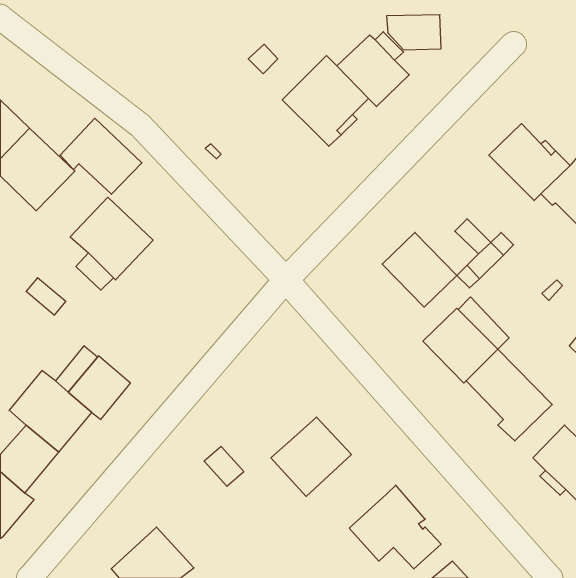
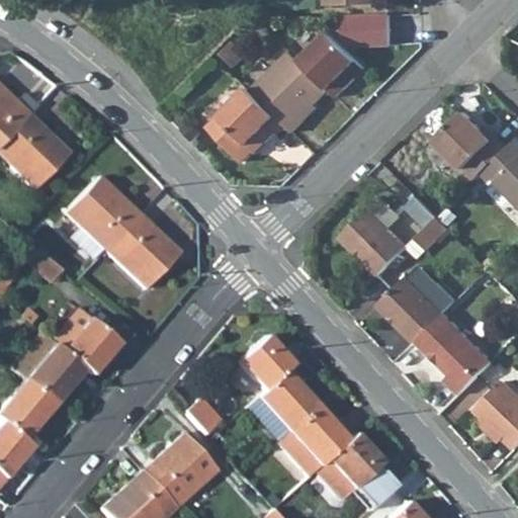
building: none -> [211,86,288,161]
building: [60,118,142,194] -> none
building: none -> [106,214,180,287]
building: none -> [238,335,293,391]
building: none -> [276,406,348,478]
building: none -> [143,433,218,507]

